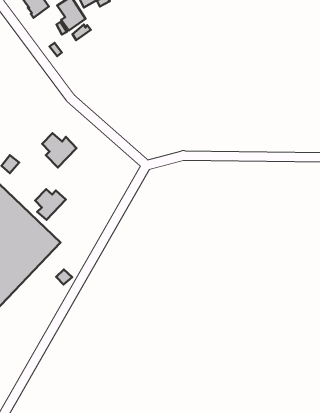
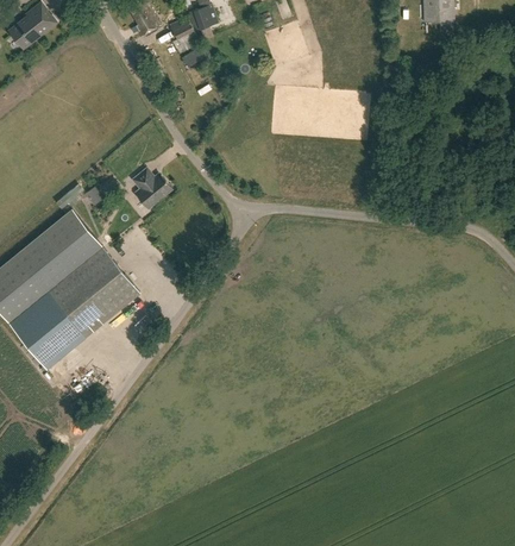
building: [35,189,66,220] -> none

